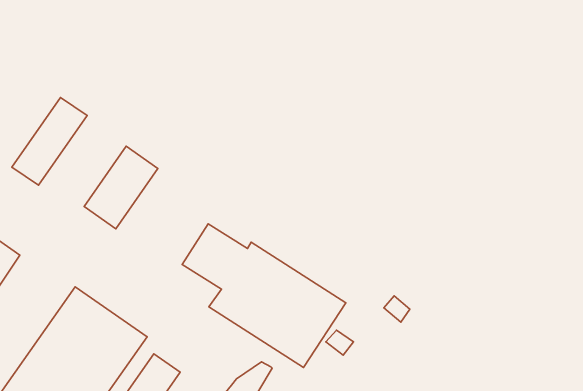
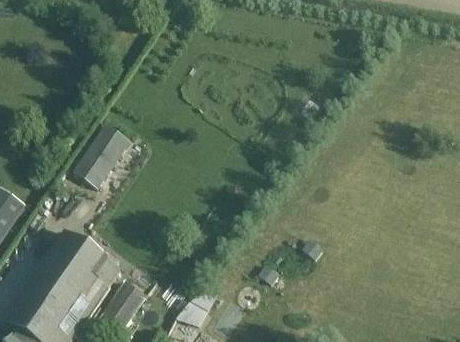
building: [12,97,87,185] -> none
building: [182,224,346,368] -> none

